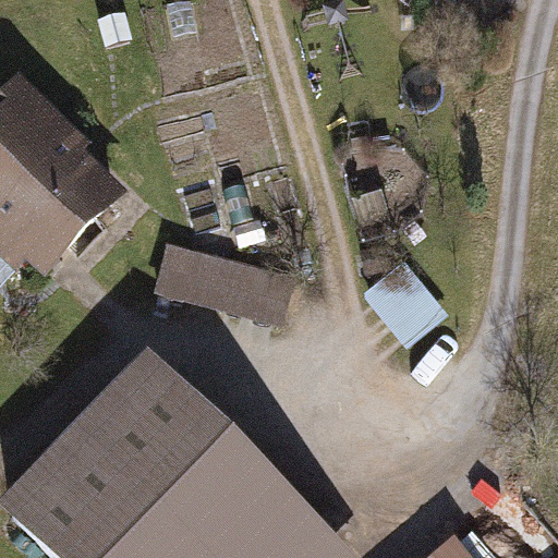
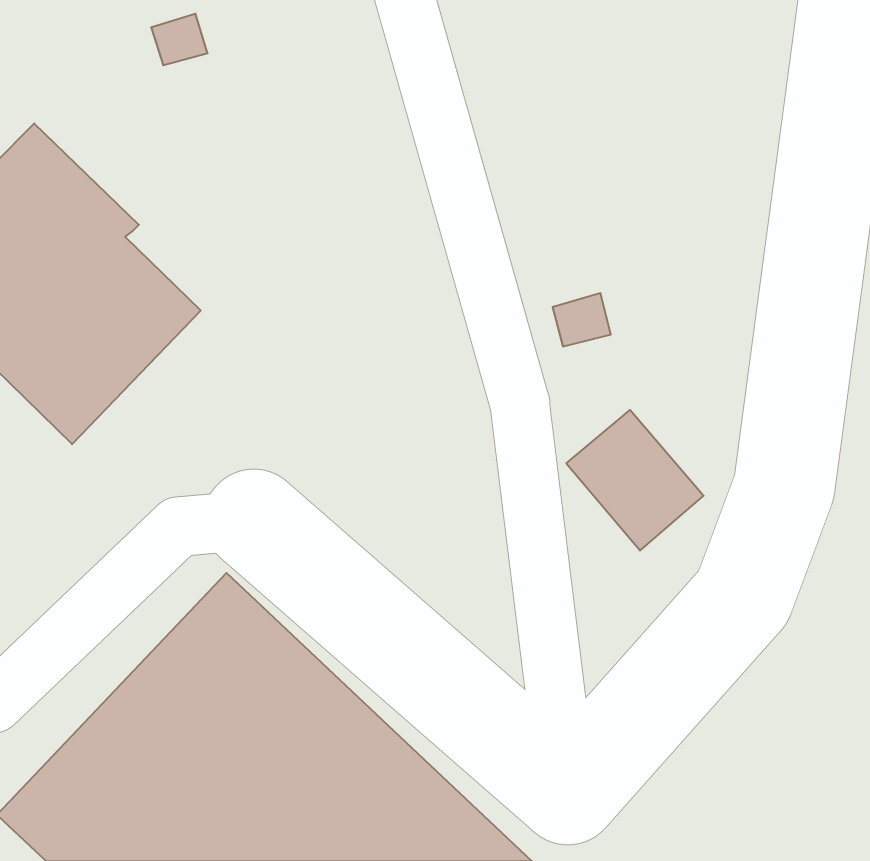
building: [153,242,292,325] -> none

